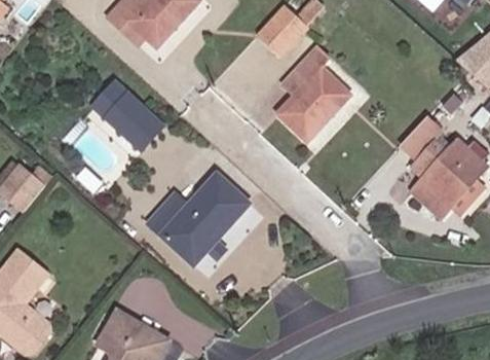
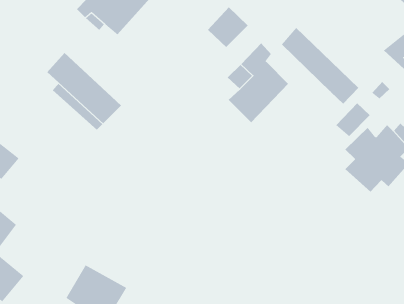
building: none -> [281,27,359,104]
building: [149,172,248,257] -> none

